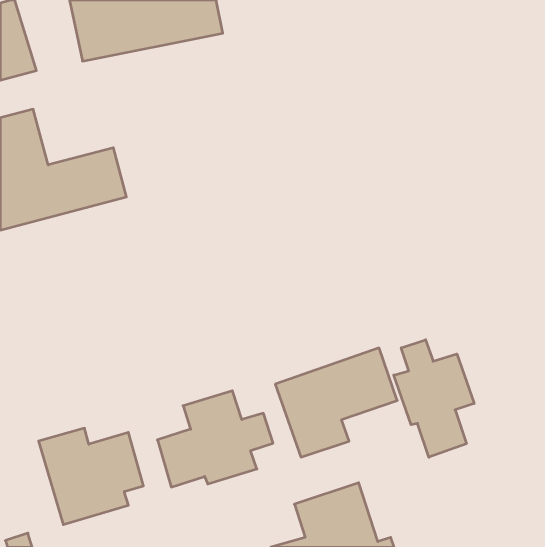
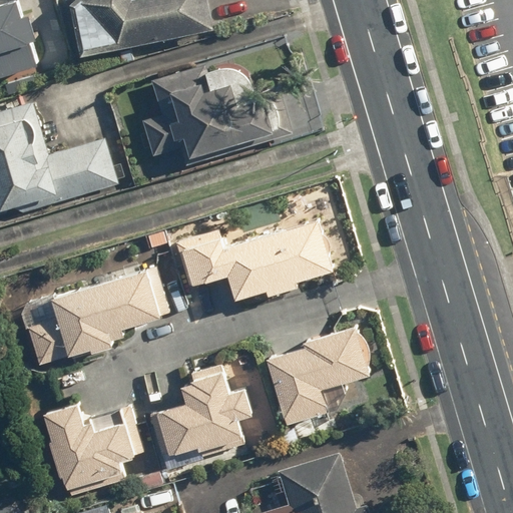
building: none -> [142,66,271,161]
building: none -> [175,222,331,301]
building: none -> [21,270,160,365]
building: [394,340,474,457] -> none

